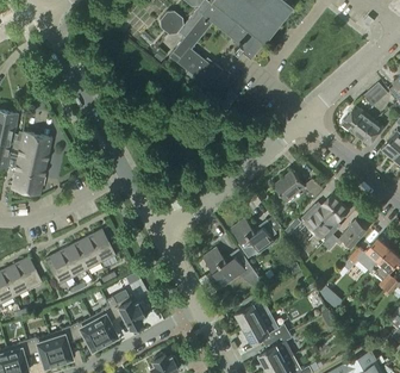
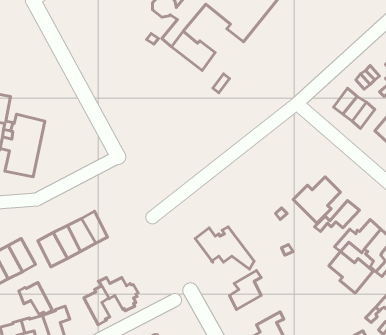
building: [274,172,323,203] -> none
building: [232,219,277,253] -> none
building: none -> [329,252,373,293]
building: [244,315,288,344] -> none
building: [71,317,105,349] -> [19,283,52,315]

